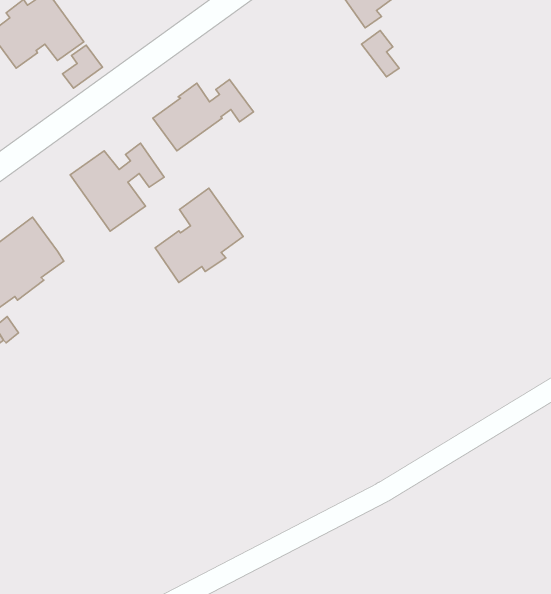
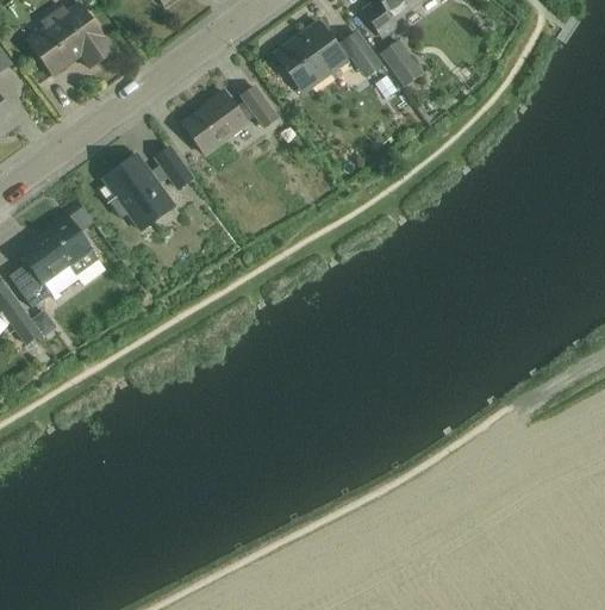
building: none -> [274,21,380,92]
building: [63,45,103,88] -> none
building: [155,188,243,282] -> none

